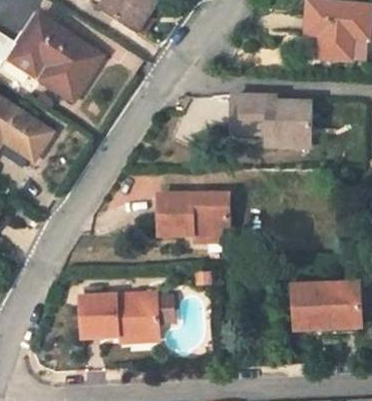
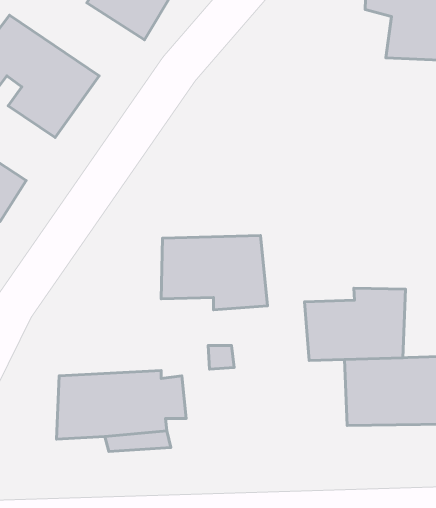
building: [231,91,312,145] -> none
building: none -> [305,288,406,360]

